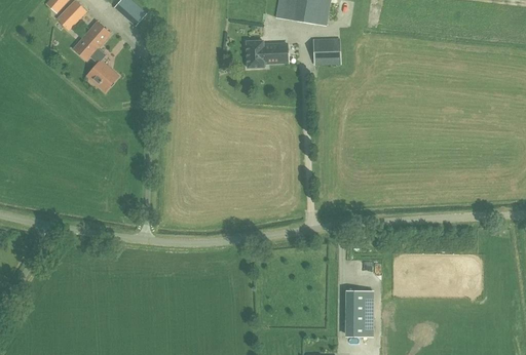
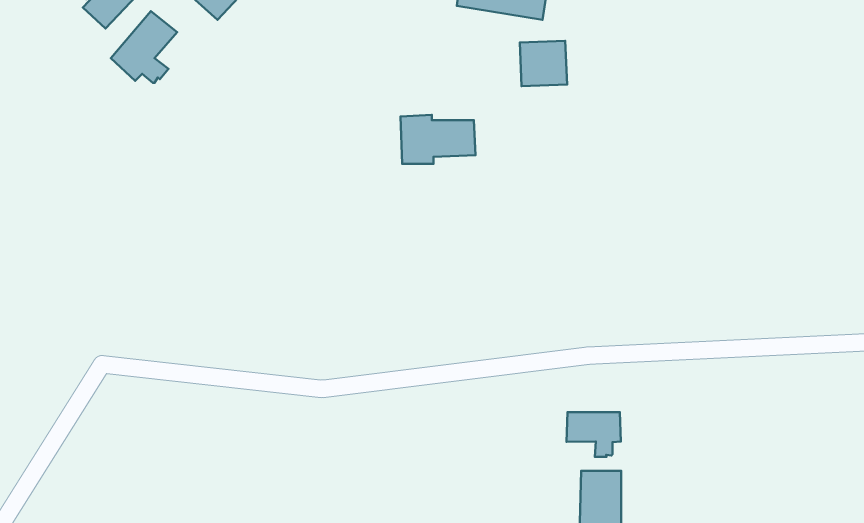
building: [245,38,289,67] -> [400,115,476,164]
building: [85,58,118,90] -> none
building: none -> [566,412,621,457]

